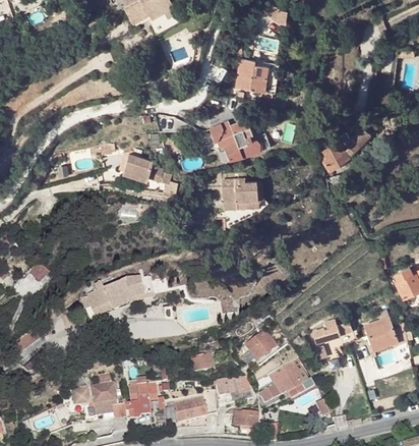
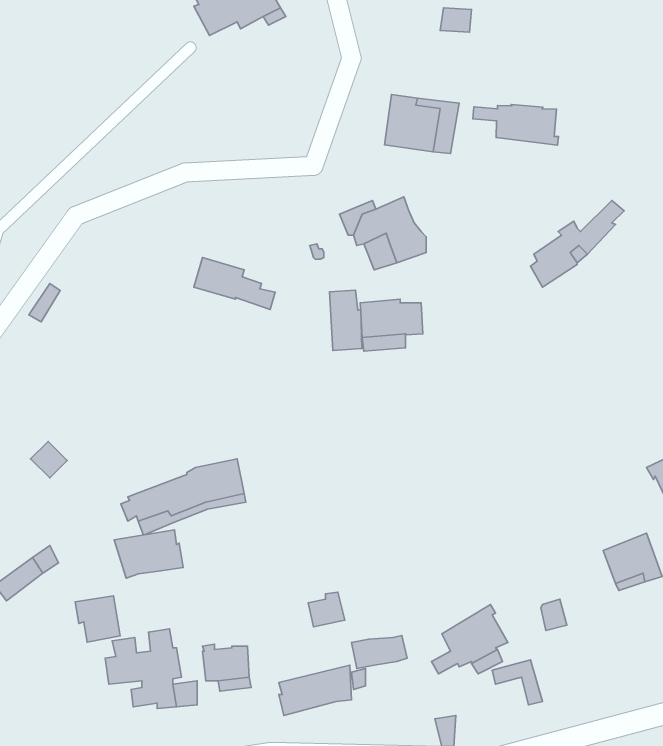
building: none -> [473,104,558,145]
building: none -> [329,290,362,351]
building: none -> [114,530,183,578]
building: [311,319,352,343] -> none
building: [244,330,276,360] -> none
building: none -> [75,596,120,642]
building: [226,406,256,428] -> none

